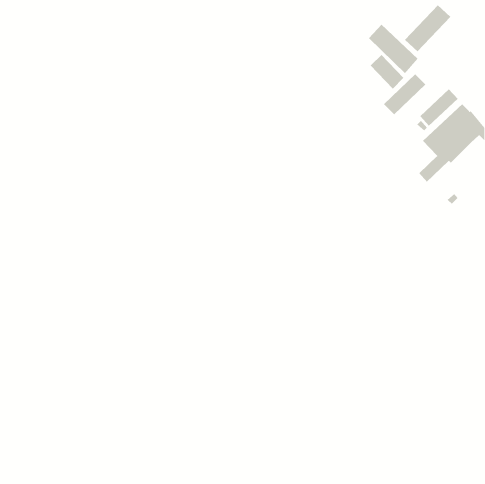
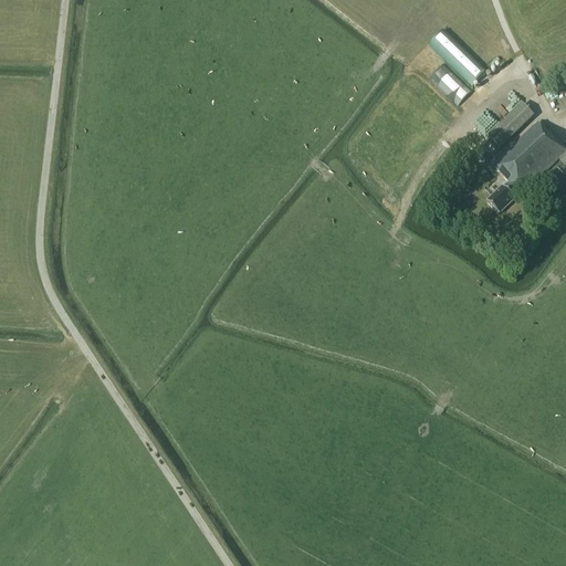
building: [404,5,451,52] -> none
building: [383,73,426,115] -> none

